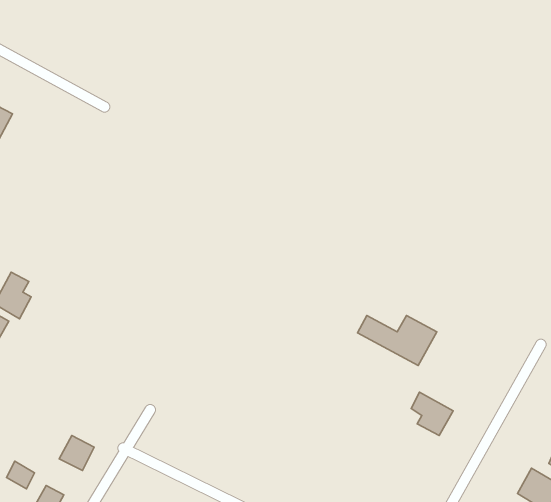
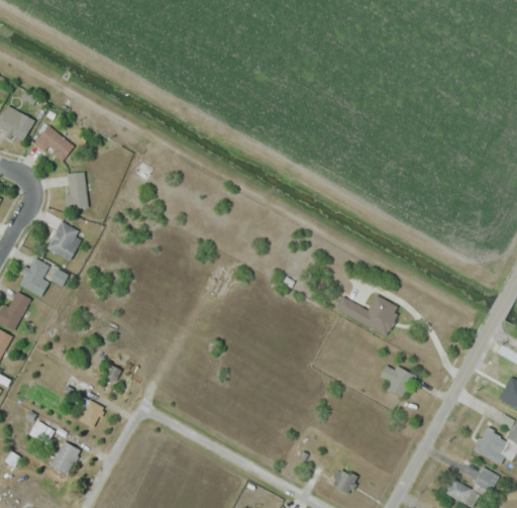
building: none -> [33,124,75,164]
building: none -> [62,172,88,210]
building: none -> [45,221,79,262]

